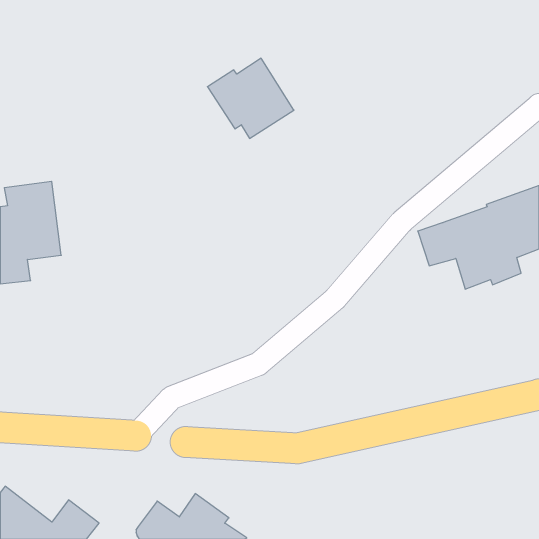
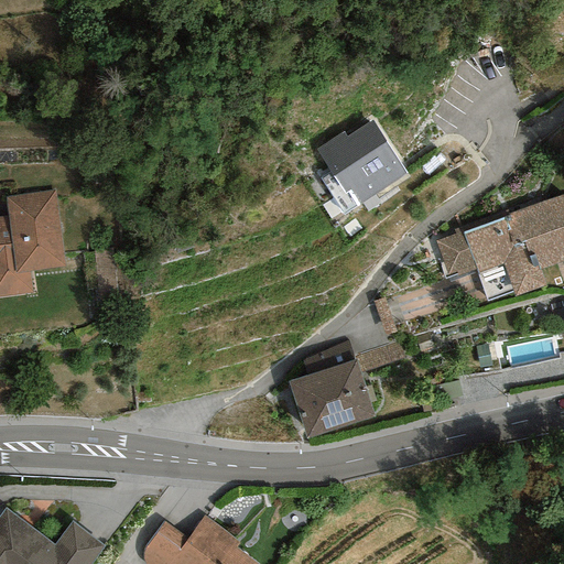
building: [207,58,294,138] -> [315,120,405,204]
building: none -> [288,341,373,438]

